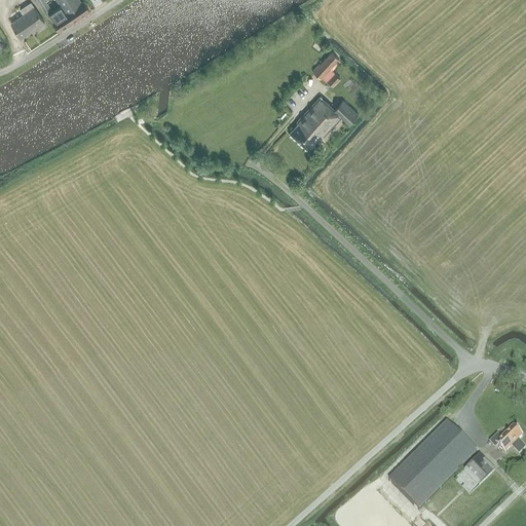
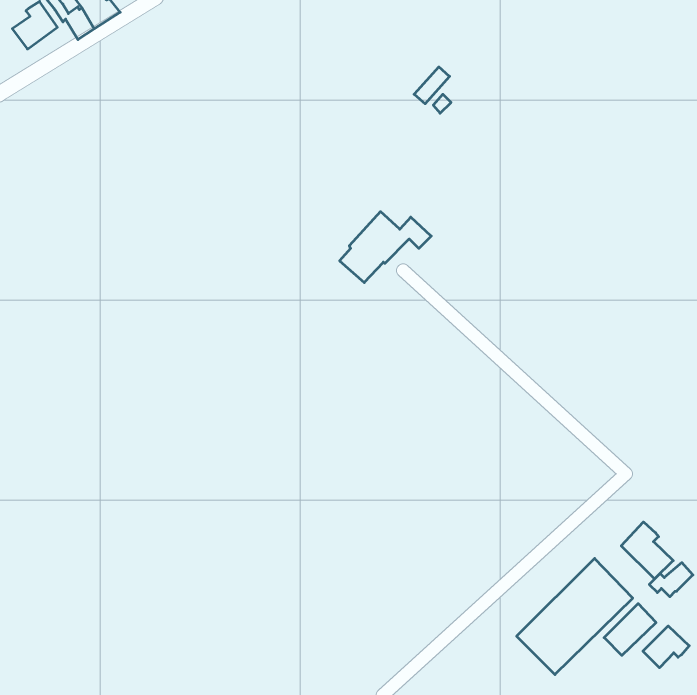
building: [289,95,358,148] -> [340,212,431,283]
building: none -> [621,522,673,579]
building: none -> [643,626,689,668]

